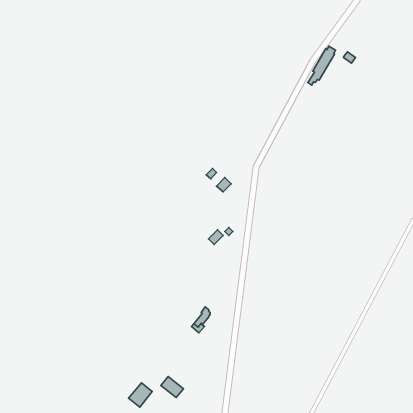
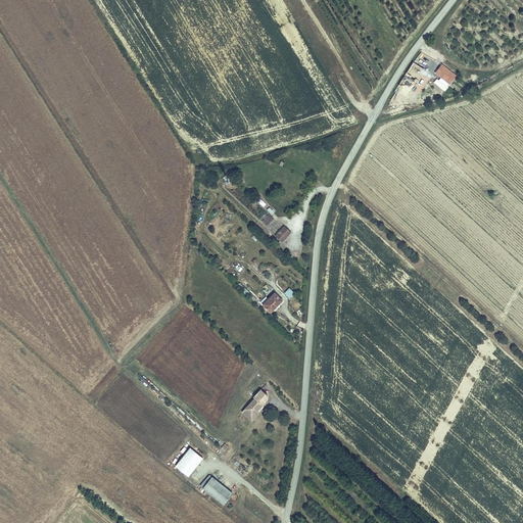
building: [129,383,152,407] -> [174,446,203,477]

